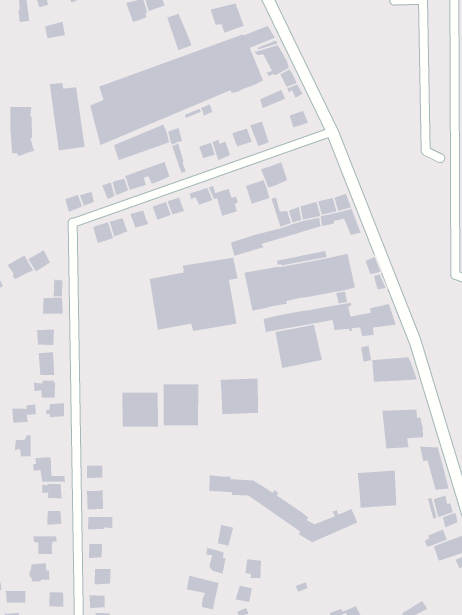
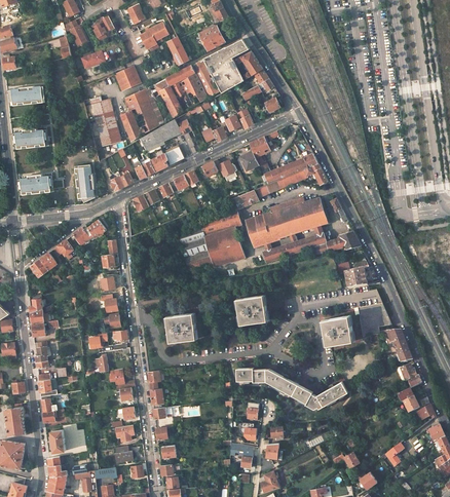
building: none -> [114,65,140,91]
building: [9,106,36,157] -> [73,164,96,202]
building: [275,324,323,369] -> none
building: [163,384,199,426] -> none
building: [357,470,397,509] -> [322,314,353,345]

